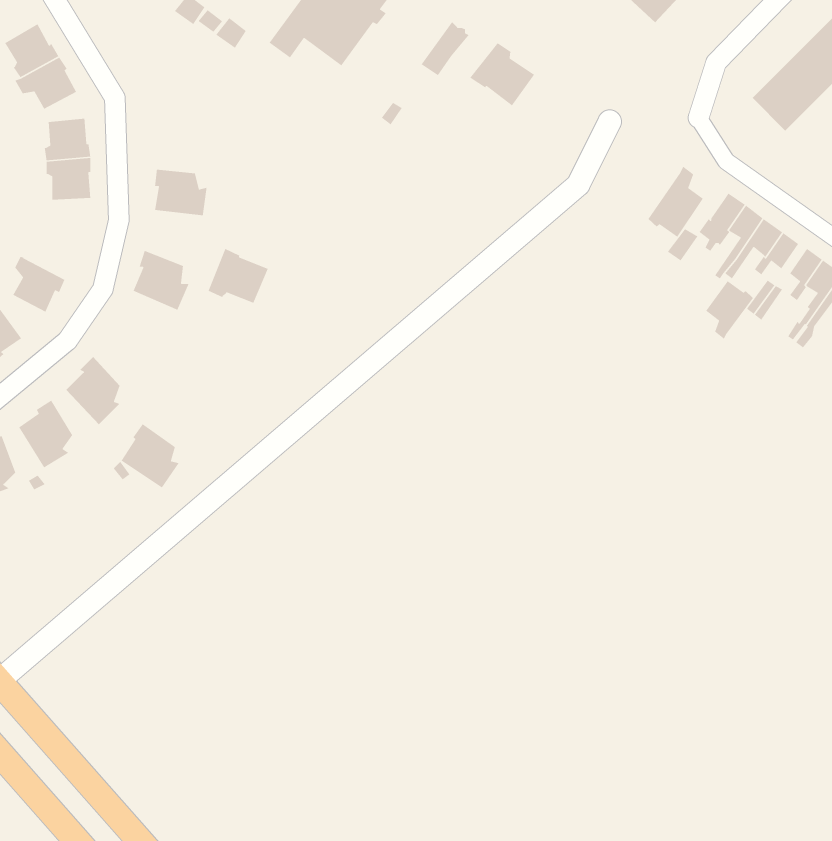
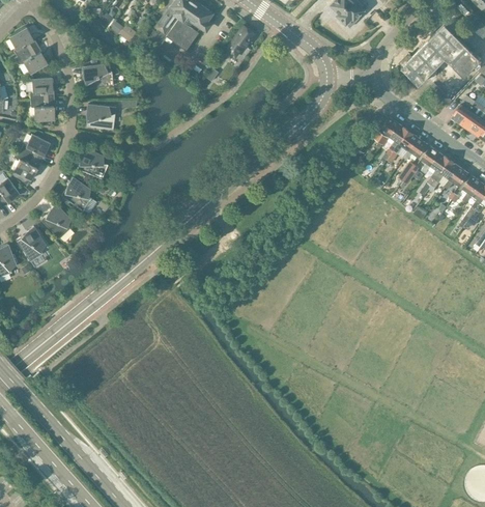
building: [469,42,535,106] -> none
building: none -> [84,64,114,89]
building: [647,166,704,238] -> none
building: none -> [20,135,50,163]
building: [208,248,269,304] -> none
building: [705,280,754,340] -> none
building: [121,423,180,488] -> [61,177,92,212]

